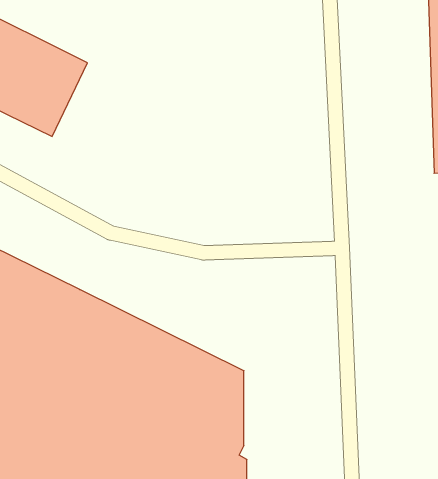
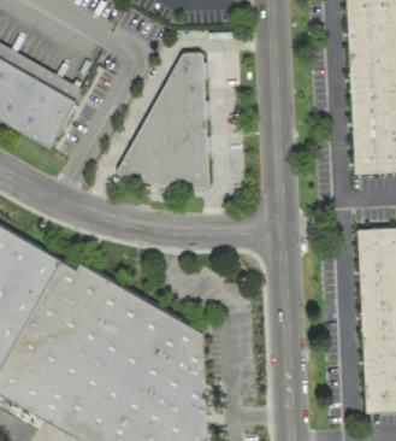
building: none -> [116,52,211,184]

